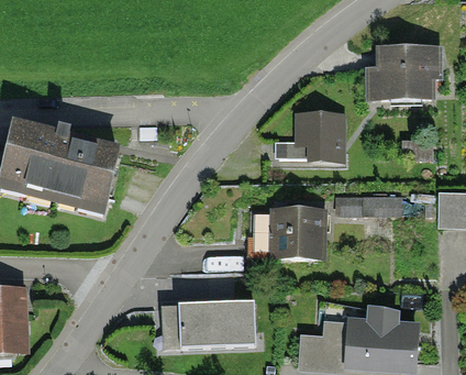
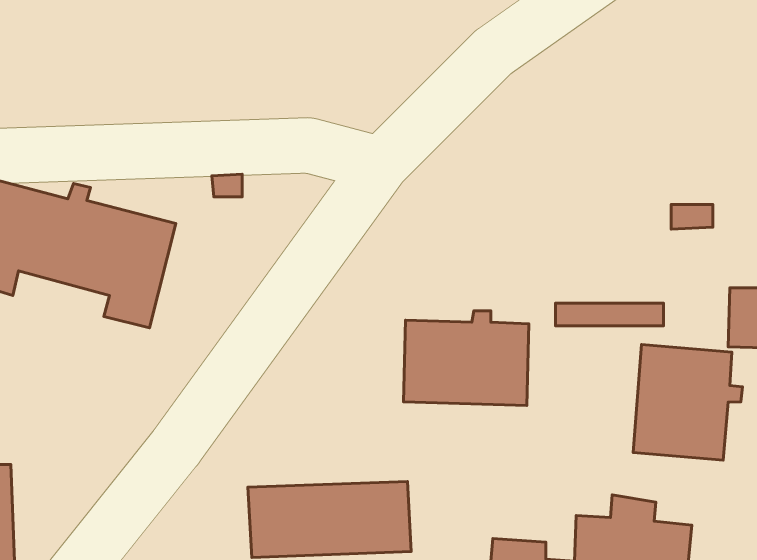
building: [380,47,439,97] -> none
building: [276,113,346,164] -> none
building: none -> [633,344,743,460]

